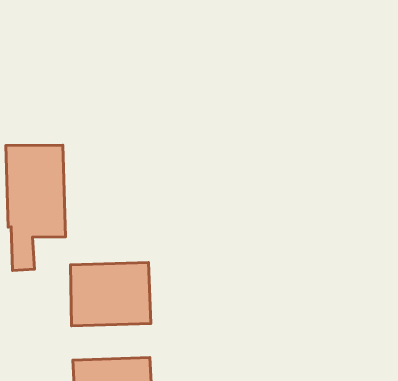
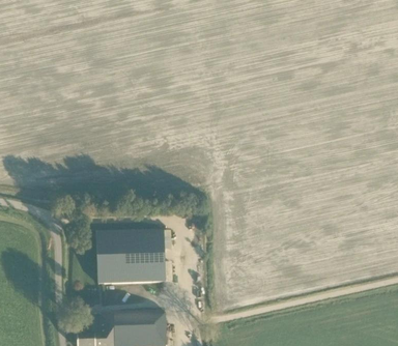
building: [6,145,66,271] -> none

